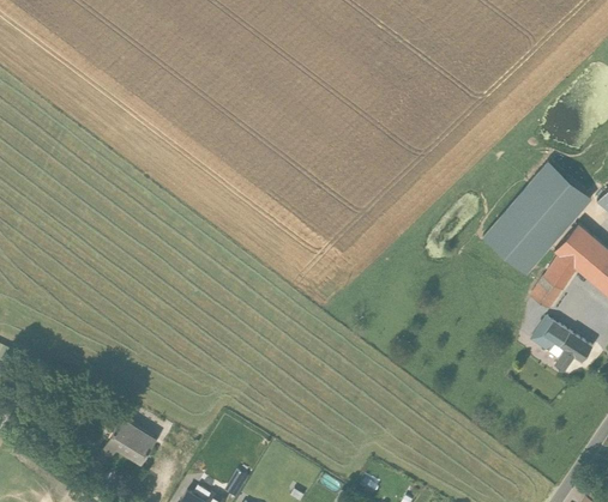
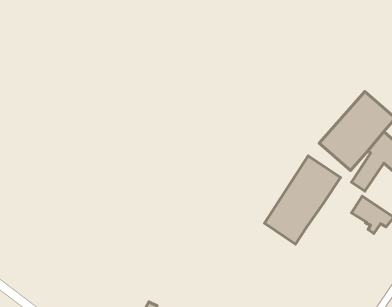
building: none -> [264,156,340,244]
building: [101,417,153,460] -> none

